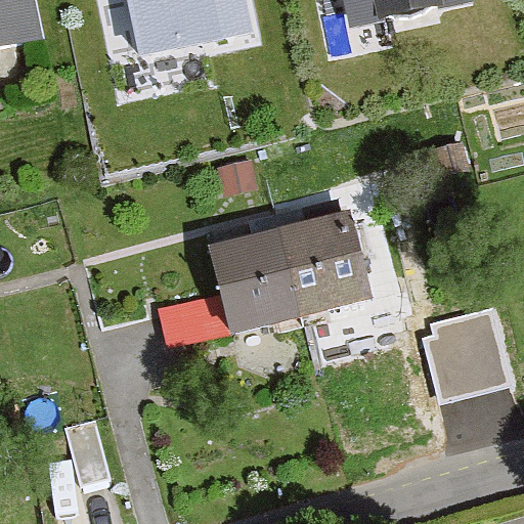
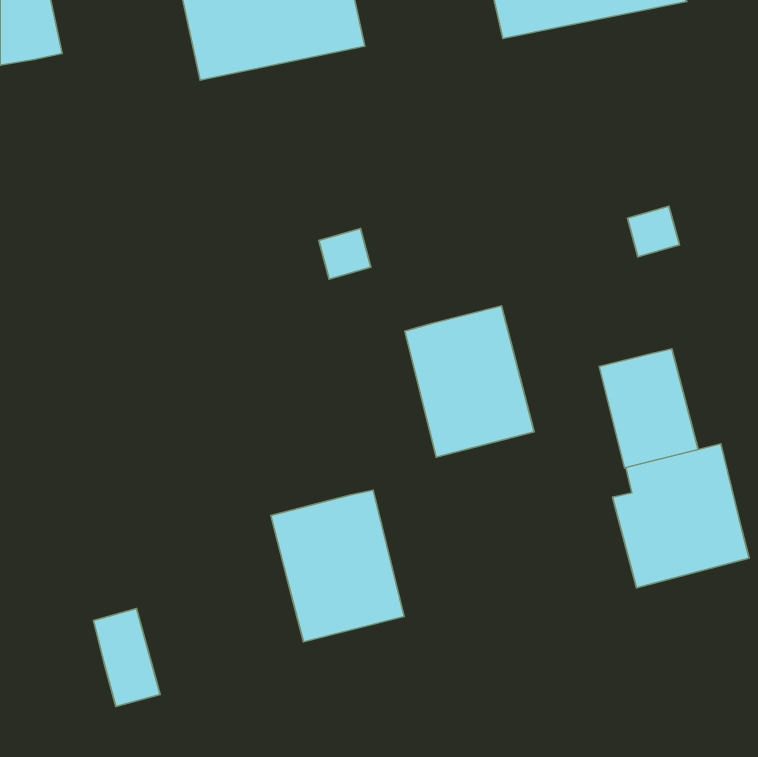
building: [209,228,301,333] -> [271,490,404,642]
building: none -> [599,349,698,468]

